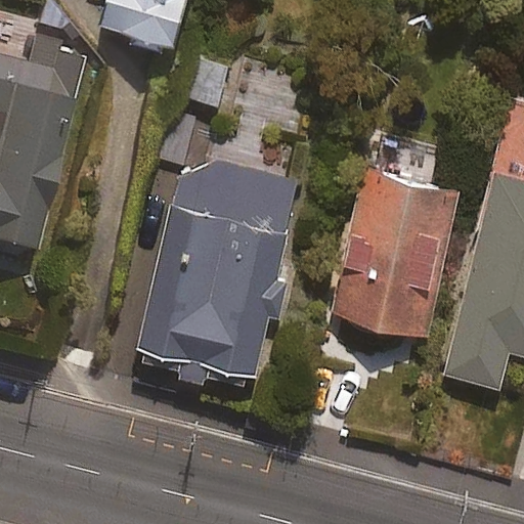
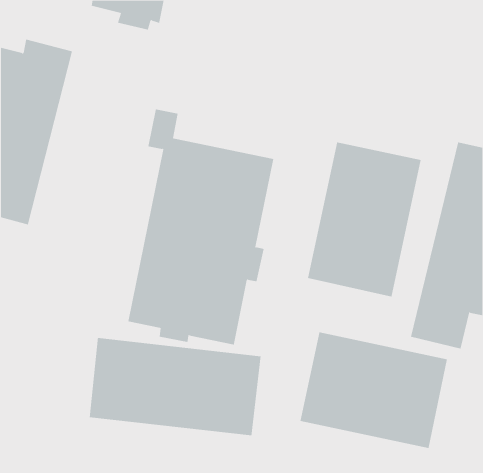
building: none -> [300,332,448,449]
building: none -> [89,337,261,436]

